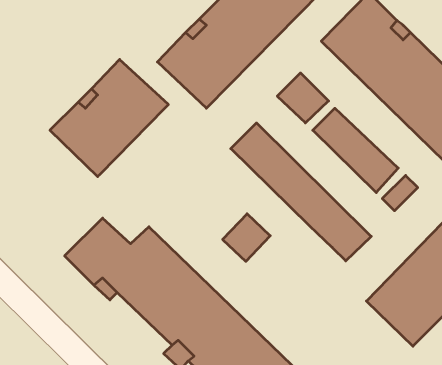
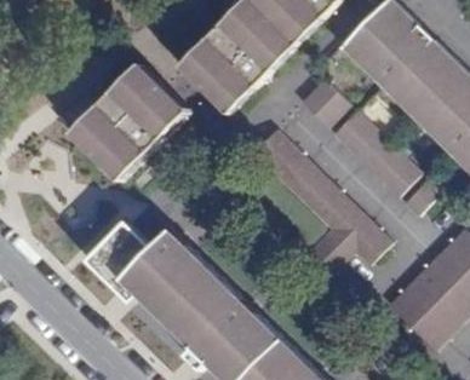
building: [223,214,270,261] -> [306,230,354,277]

